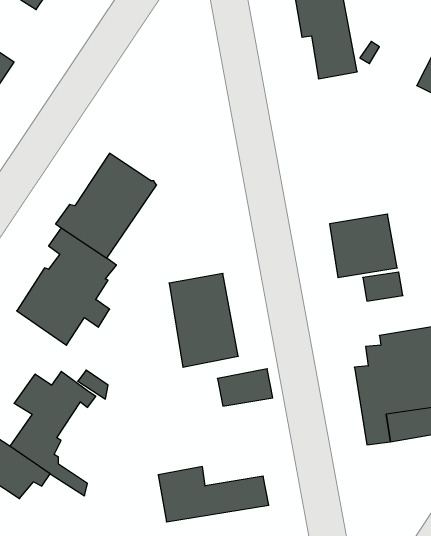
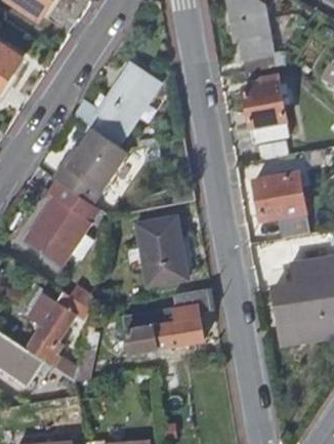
building: none -> [91,65,159,146]
building: none -> [243,76,290,140]
building: [158,467,269,522] -> [121,312,203,353]

